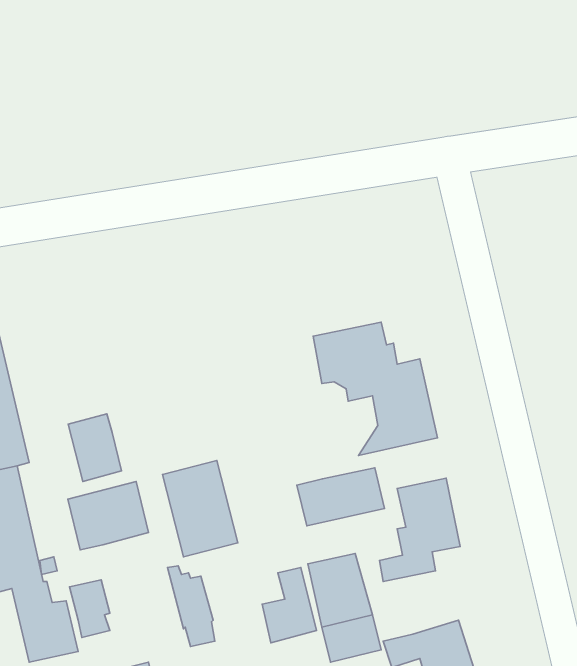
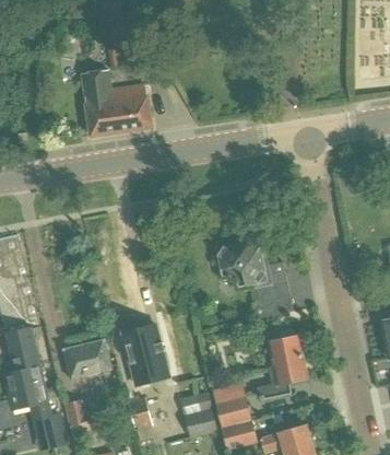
building: none -> [80,70,151,136]
building: [68,414,122,481] -> none
building: [297,468,385,526] -> none

